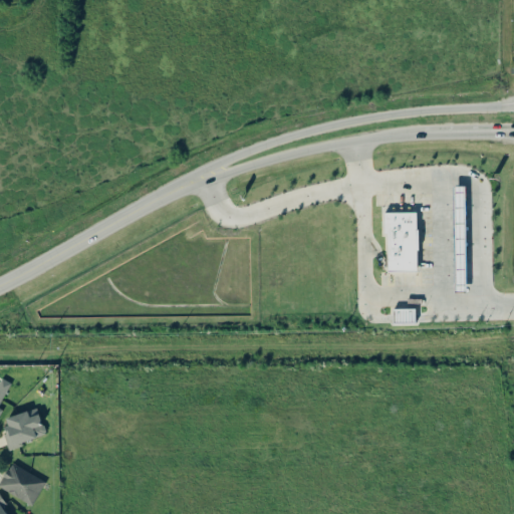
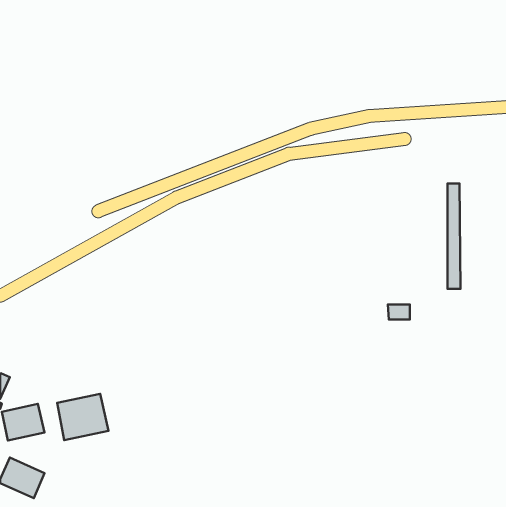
building: [382,212,418,270] -> none
building: none -> [57,394,108,440]

